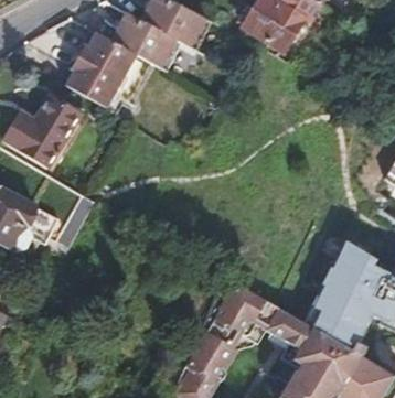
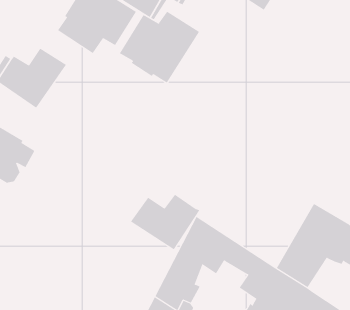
building: none -> [119,11,200,83]
building: none -> [130,194,200,250]

